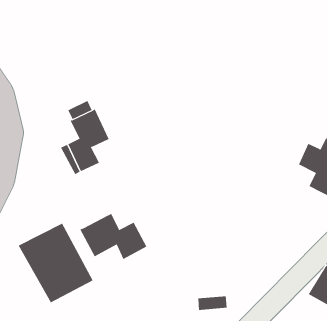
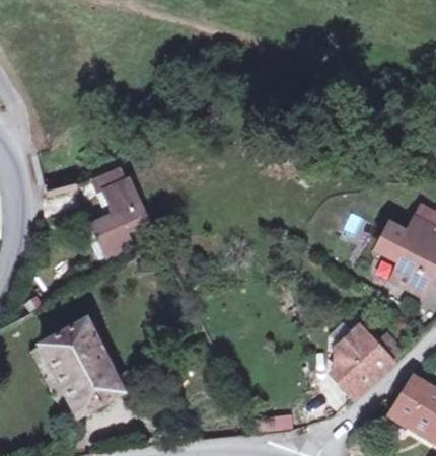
building: [80,213,147,260] -> none
building: none -> [335,324,407,395]

